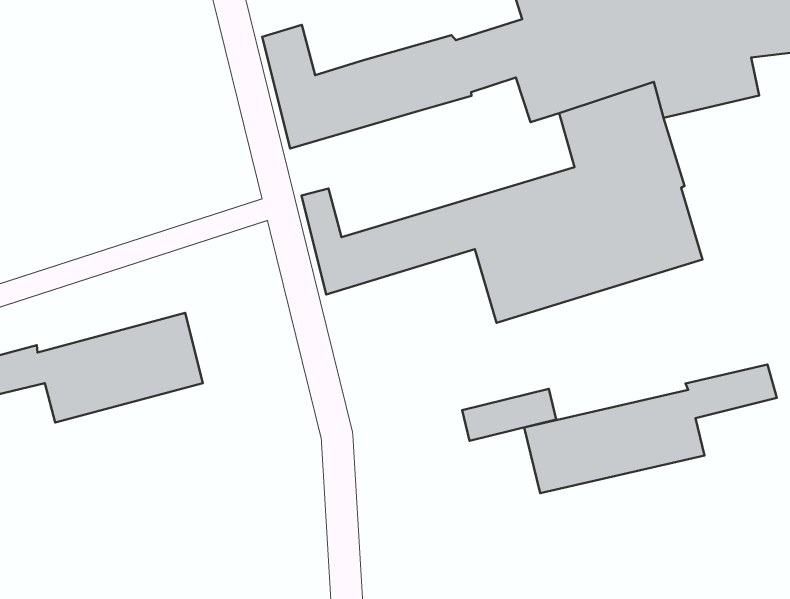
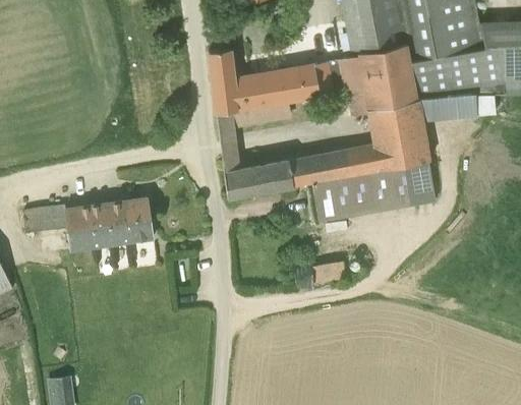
building: none -> [217,102,291,140]
building: [524,364,777,493] -> none

